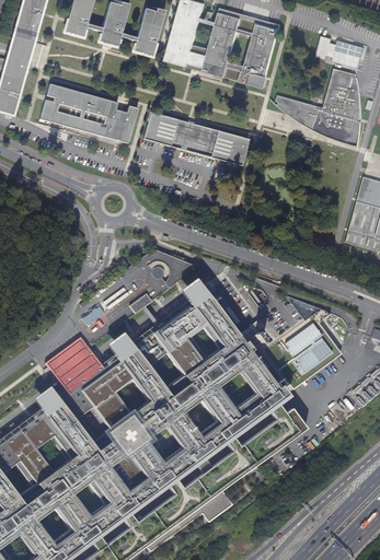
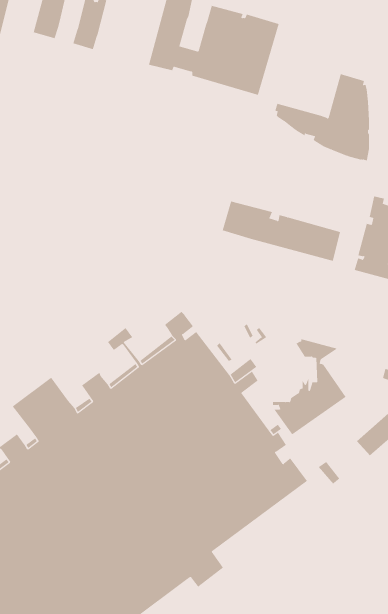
building: [131,8,164,56] -> none
building: [315,35,364,67] -> none
building: [38,83,137,143] -> none
building: [142,112,247,165] -> [222,201,341,261]

